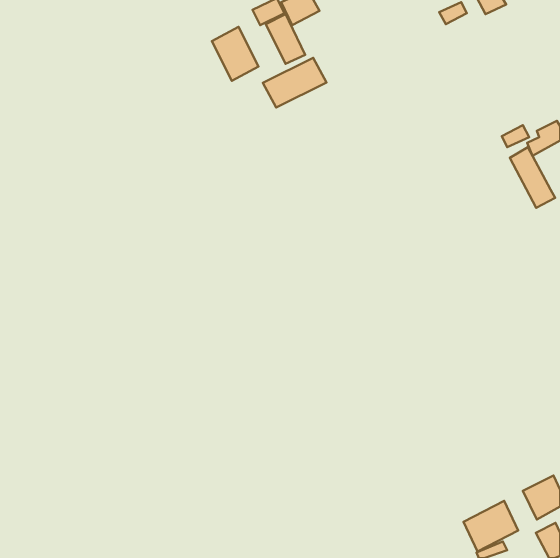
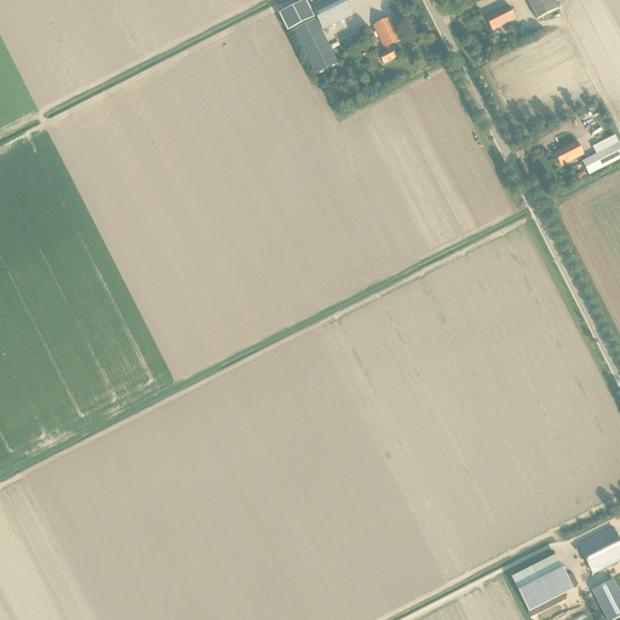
building: none -> [372,15,400,59]
building: [212,27,258,81] -> none
building: [263,58,326,108] -> none
building: [510,147,555,208] -> none

